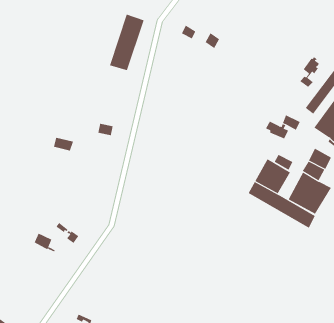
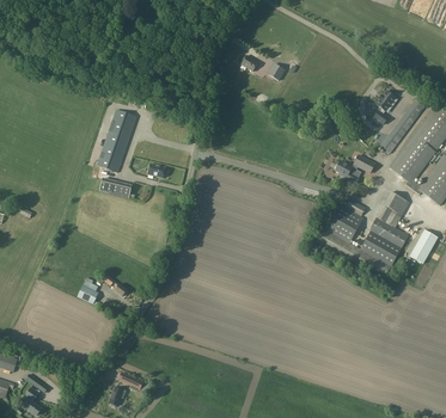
building: [109,14,145,71] -> [98,107,138,171]

